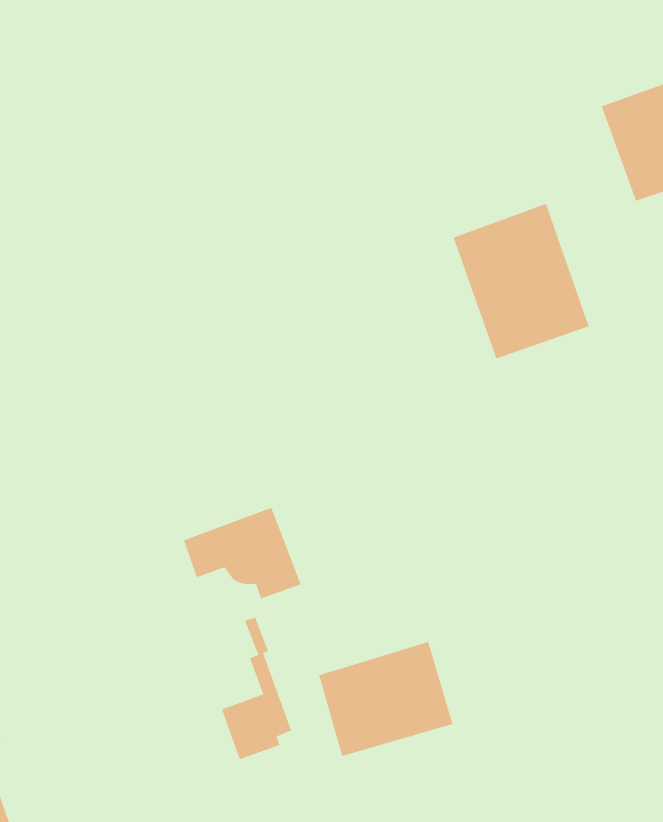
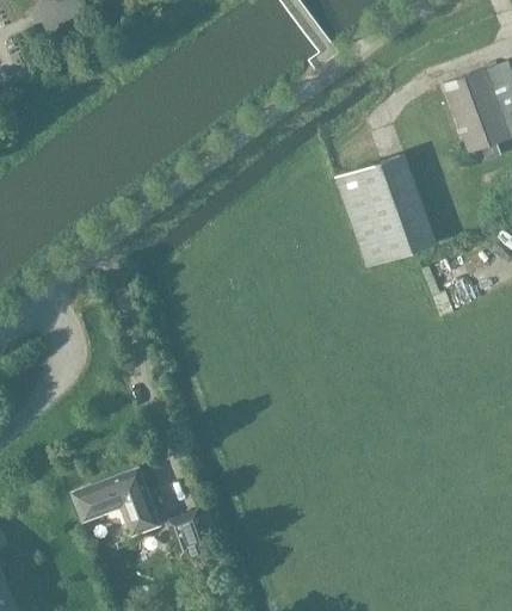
building: [183,507,301,599] -> [73,469,159,536]
building: [318,641,453,757] -> none

